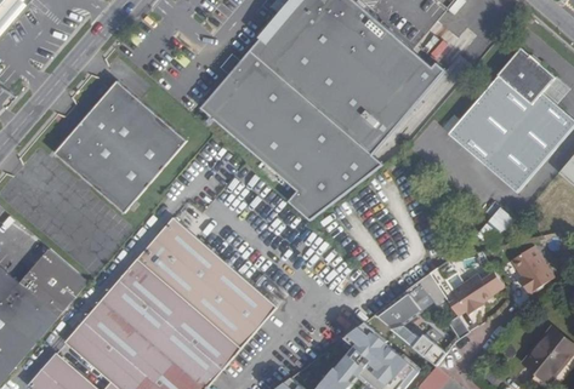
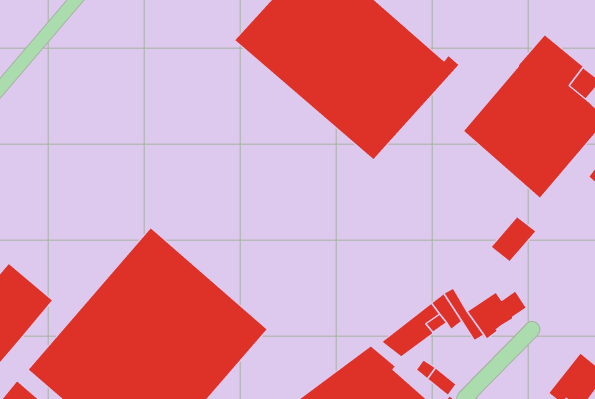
building: [198,52,381,221] -> none
building: [53,80,186,213] -> none
building: [511,245,553,293] -> none

